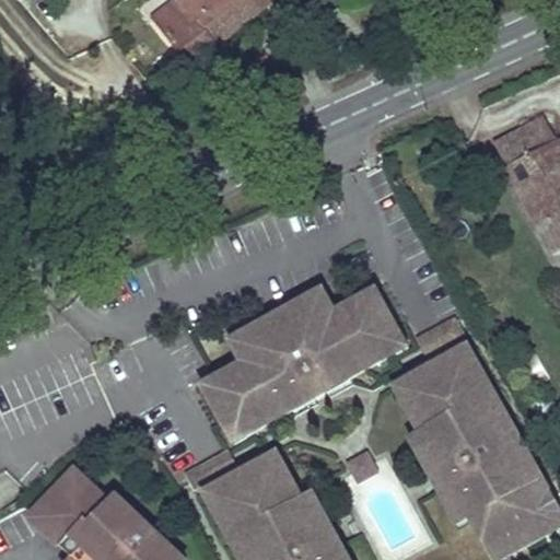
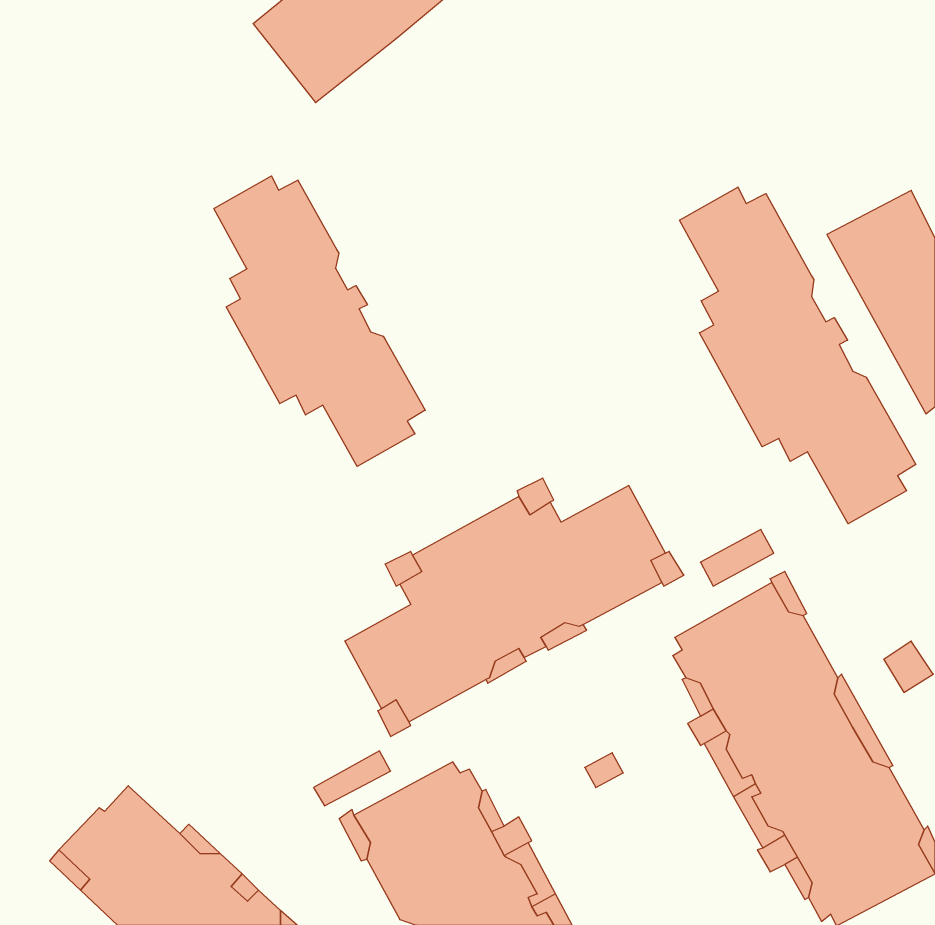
building: none -> [214,176,425,466]
building: none -> [680,187,916,524]

